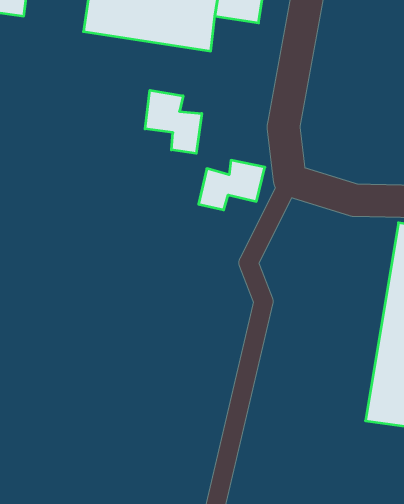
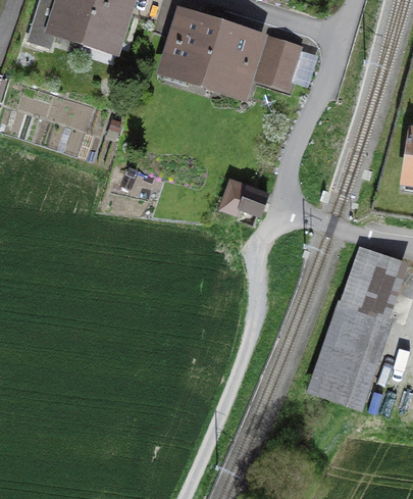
building: [145,90,202,153] -> none

